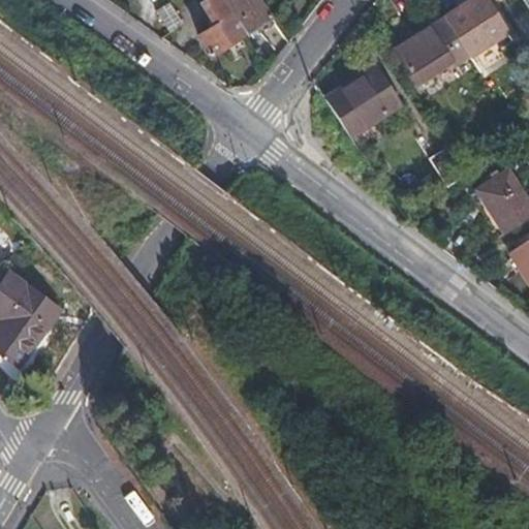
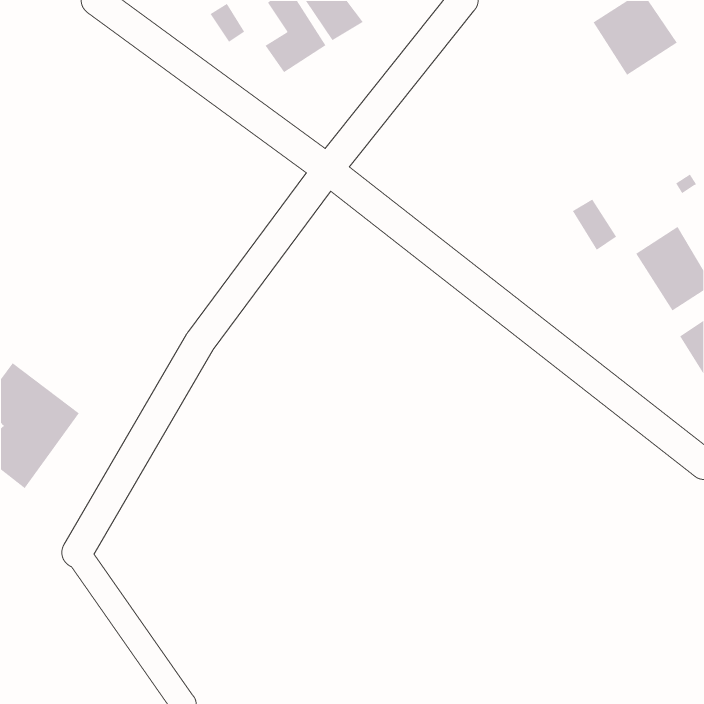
building: [395,17,470,85] -> none
building: [325,67,400,137] -> none

